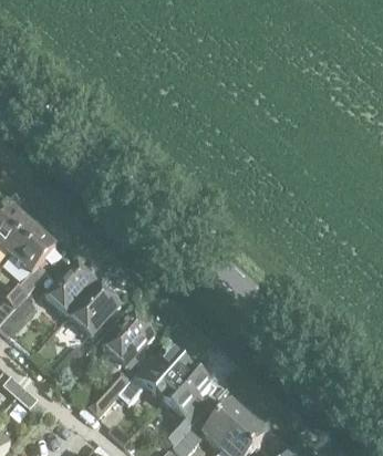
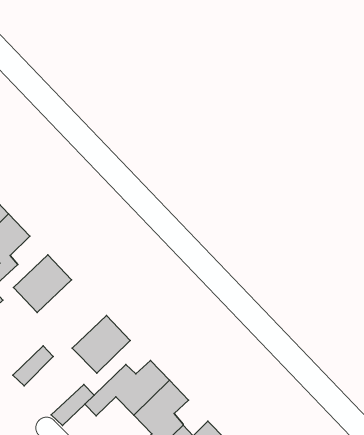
building: [68,281,121,334] -> none

